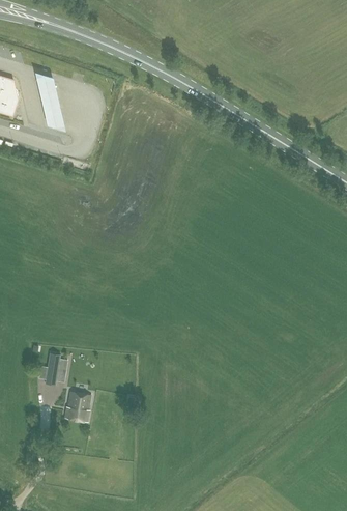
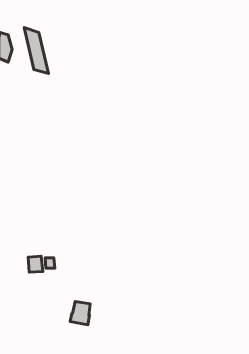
building: [64,390,90,420] -> [70,301,90,325]

